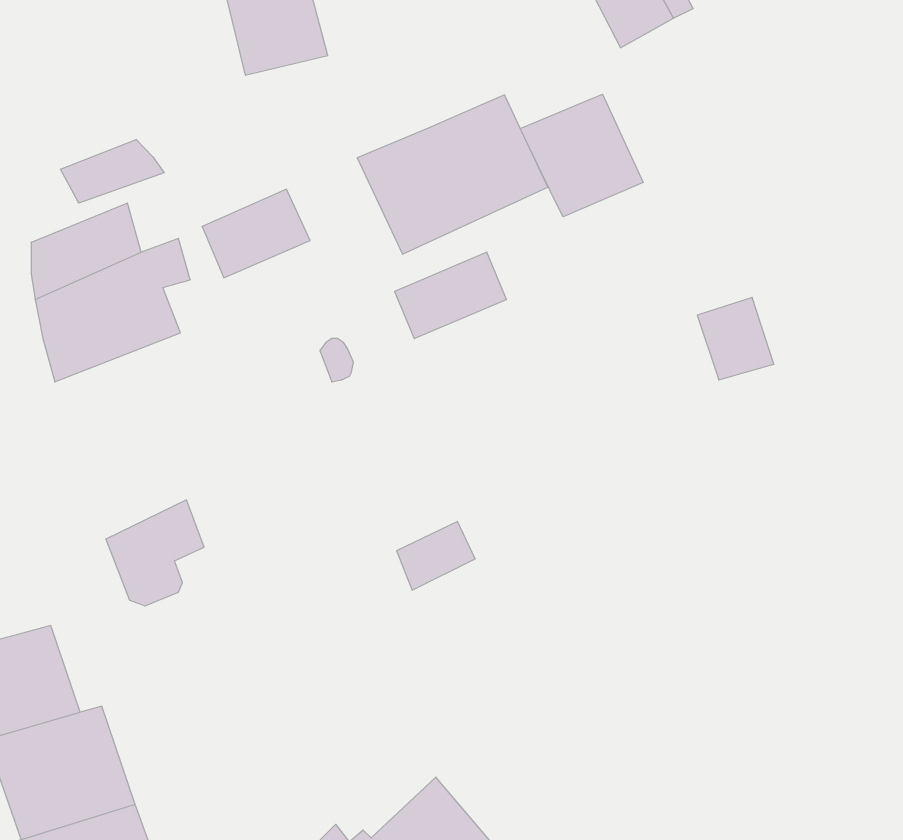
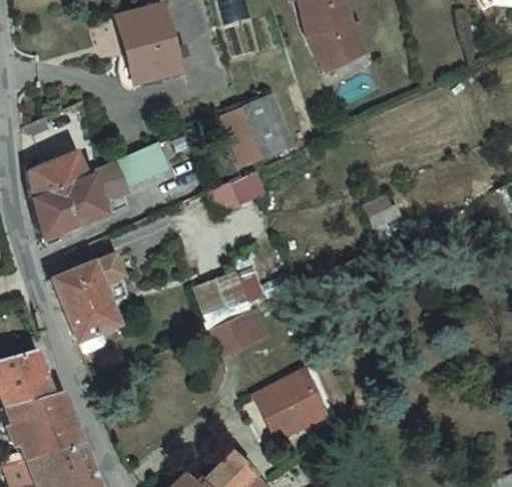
building: [520,94,643,217] -> none
building: [61,139,164,203] -> none
building: none -> [53,250,135,320]
building: none -> [198,266,245,307]
building: none -> [261,364,327,423]

